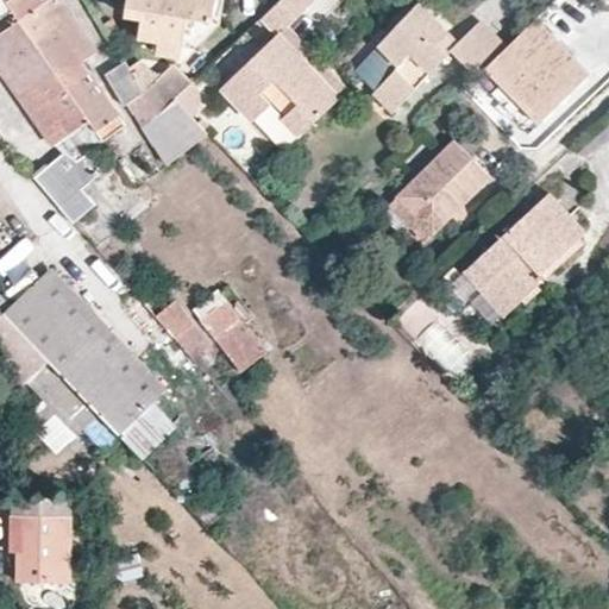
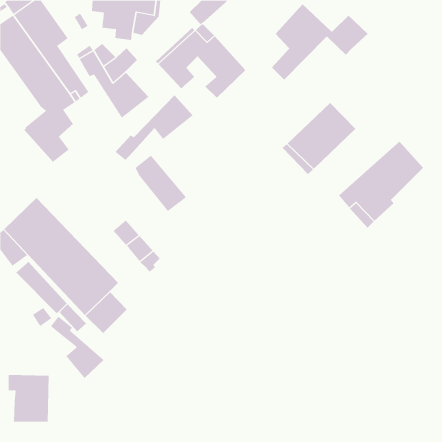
building: [483,19,589,125] -> none
building: none -> [115,94,194,161]
building: [193,291,264,370] -> [135,155,187,212]
building: none -> [50,316,104,379]

